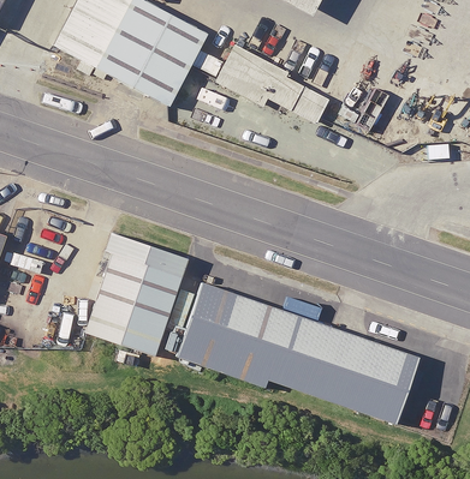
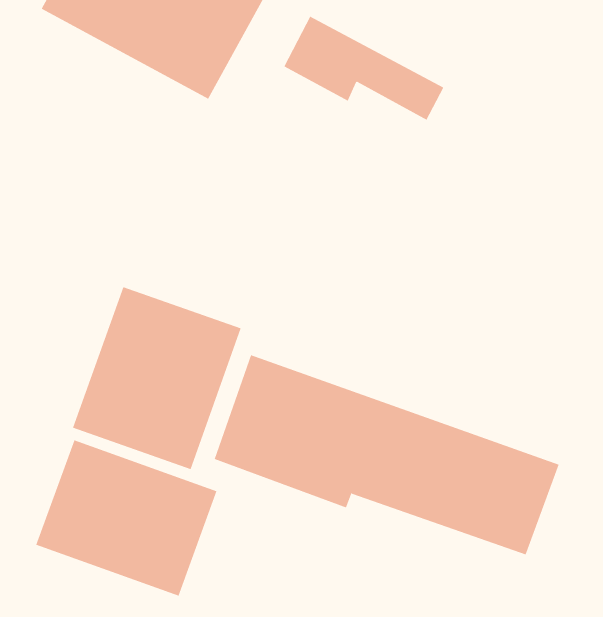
building: none -> [36,440,217,596]

